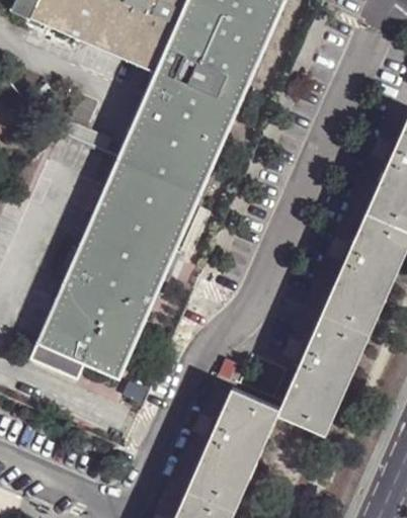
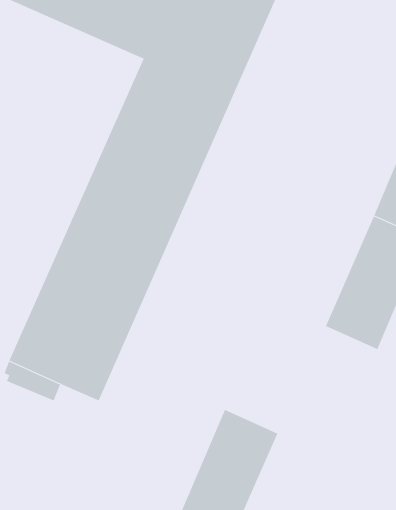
building: [281,310,372,428] -> none

